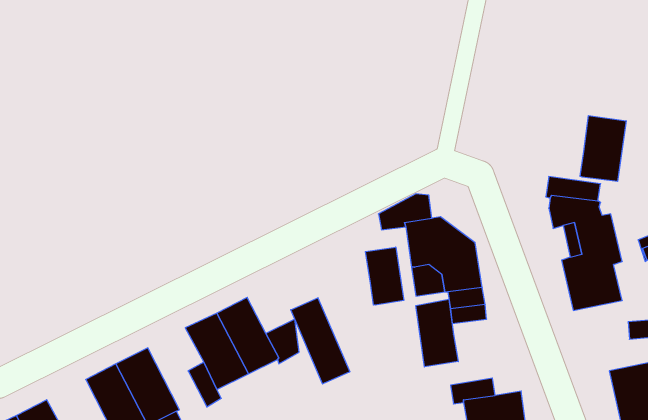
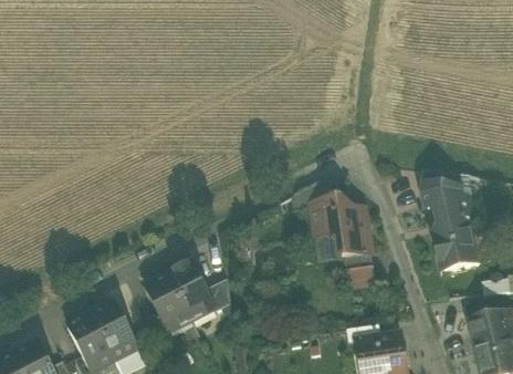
building: [580,116,626,181] -> none
building: [365,247,404,305] -> none
building: [291,298,350,384] -> none
building: [416,299,458,367] -> none

